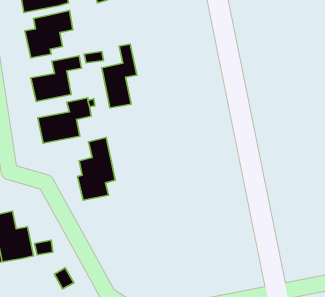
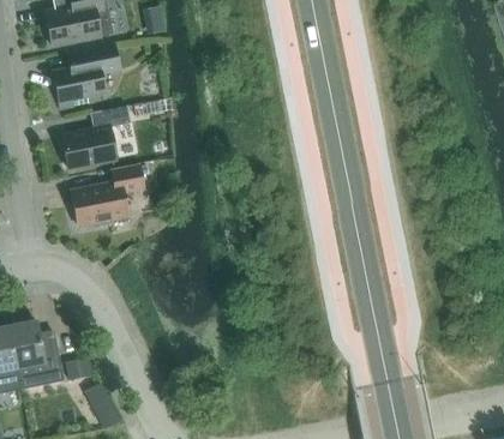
building: [102,44,137,108] -> none
building: [78,137,115,200] -> none

